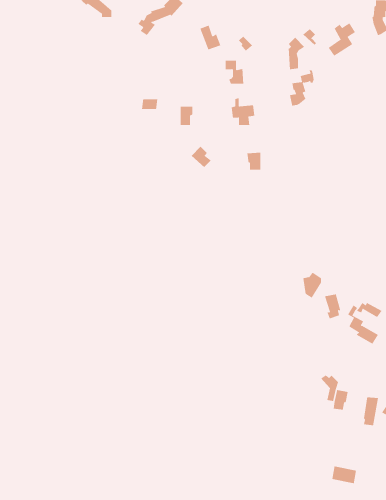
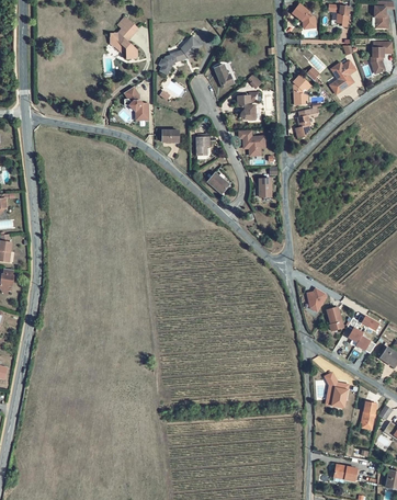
building: none -> [124,86,148,120]

